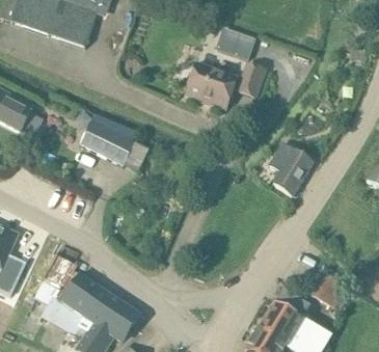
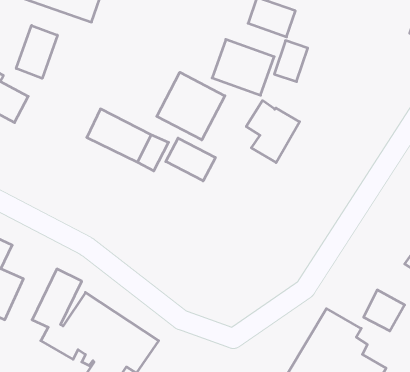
building: none -> [16,25,57,78]
building: none -> [157,72,225,140]
building: [268,142,313,194] -> [246,101,300,163]
building: none -> [166,138,215,181]

